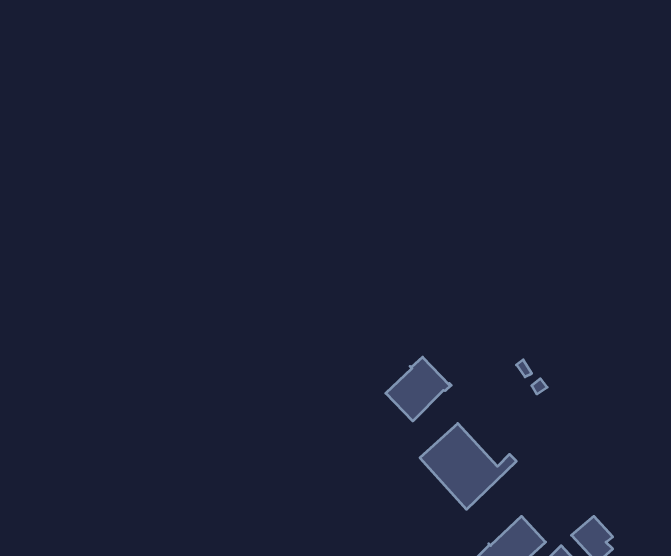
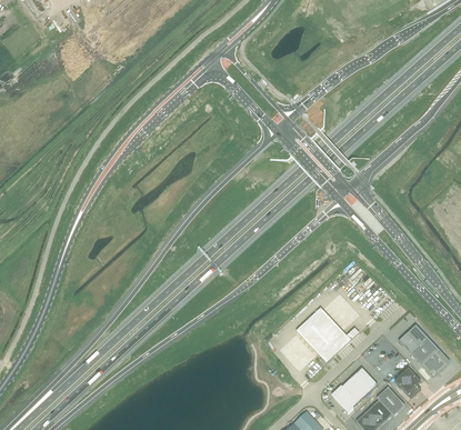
building: [386,357,451,421] -> none
building: none -> [399,326,449,378]

